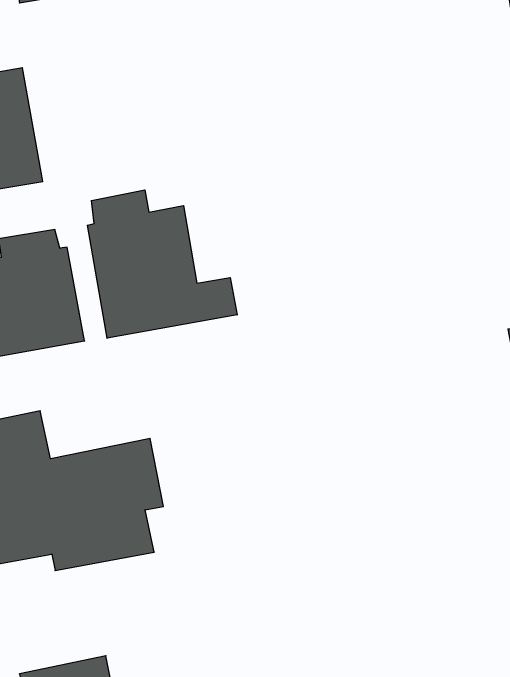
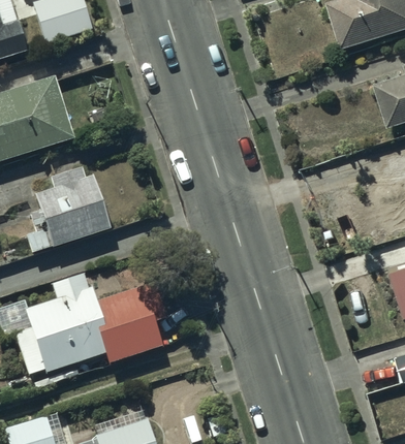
building: [87,190,237,338] -> none

